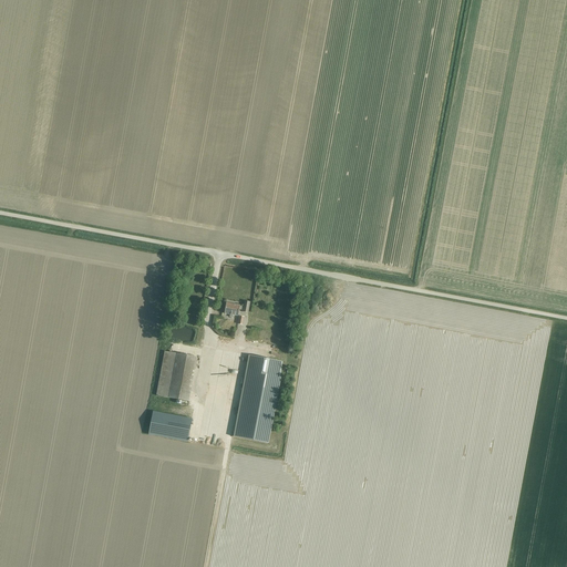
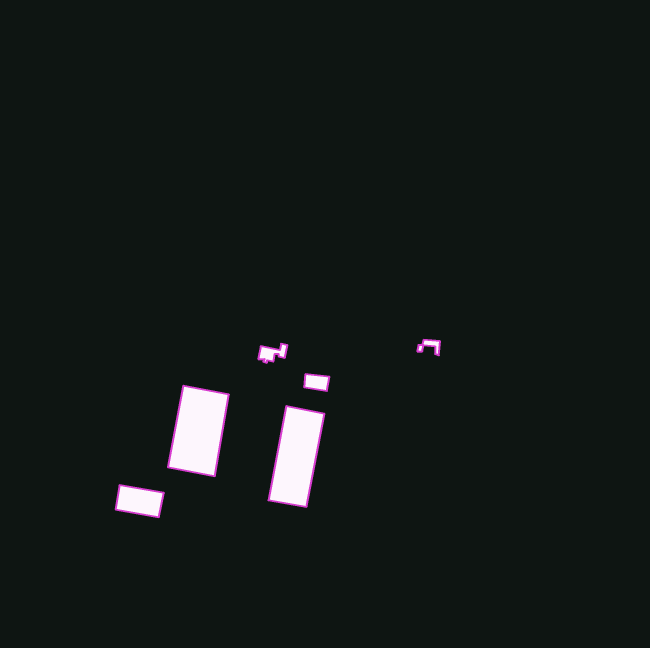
building: [150,411,192,439] -> [116,485,164,517]

